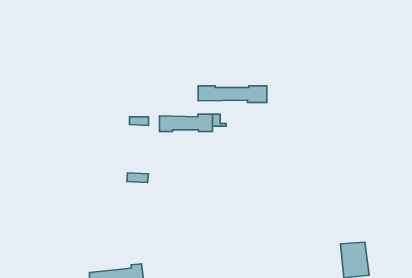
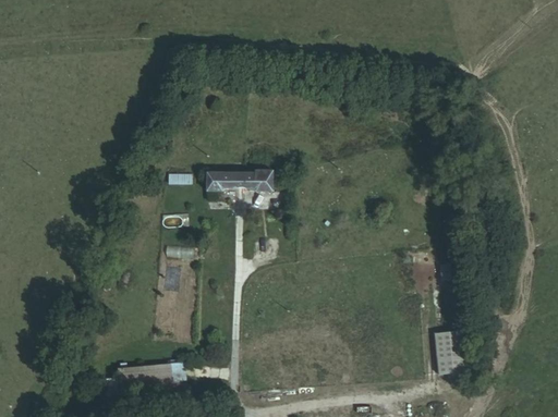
building: [198,86,267,103] -> none

